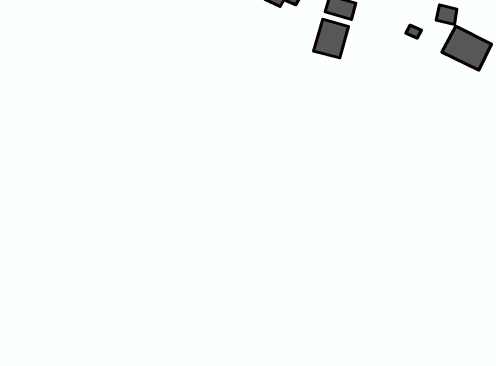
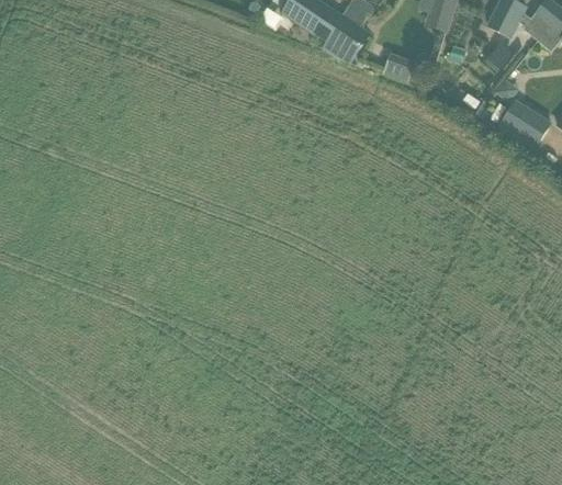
building: [313,19,349,58] -> none

